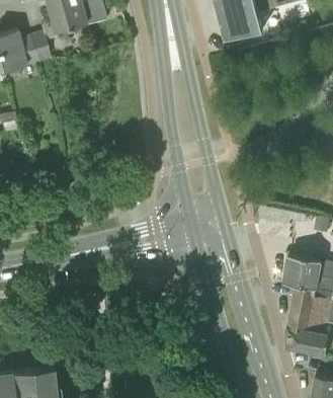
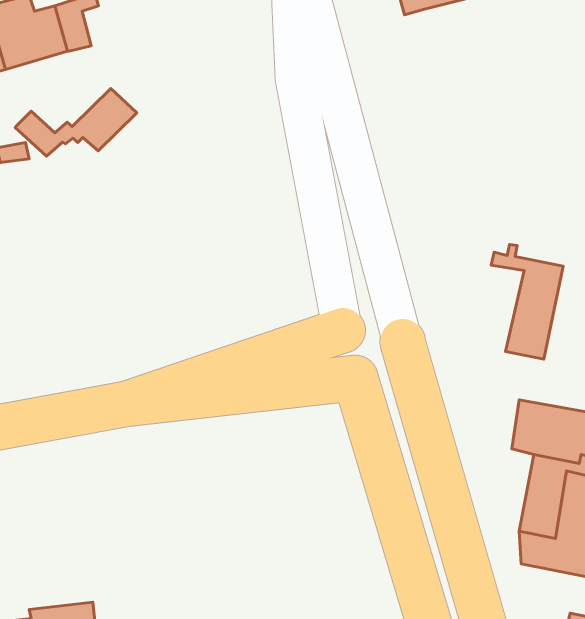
building: none -> [15,88,137,156]
building: none -> [491,244,563,359]

